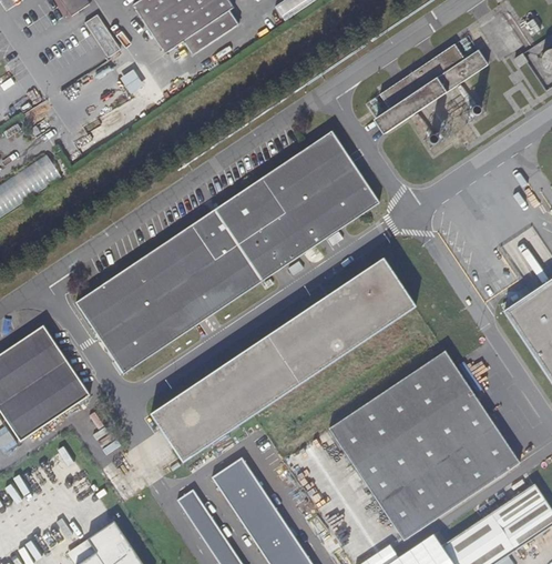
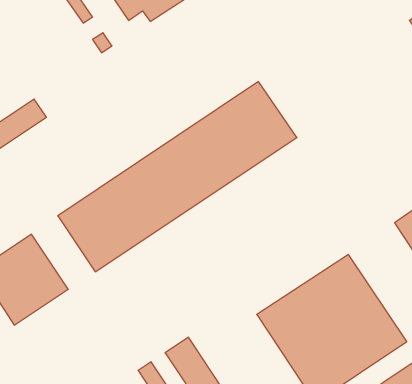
building: [372,43,487,133] -> none
building: [150,258,415,463] -> none

